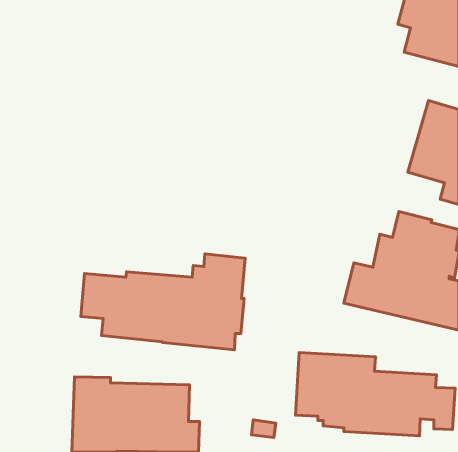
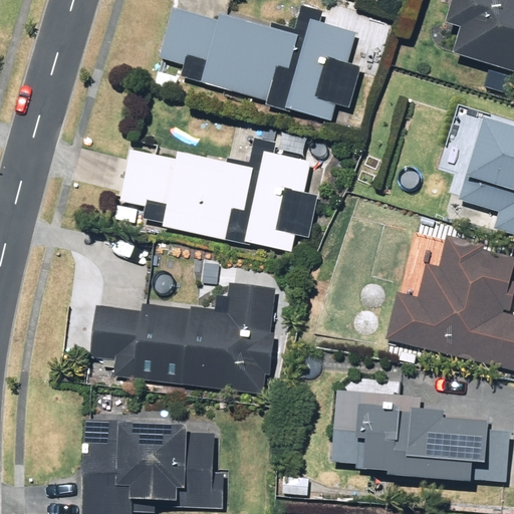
building: none -> [162,7,359,121]
building: none -> [121,135,317,250]

